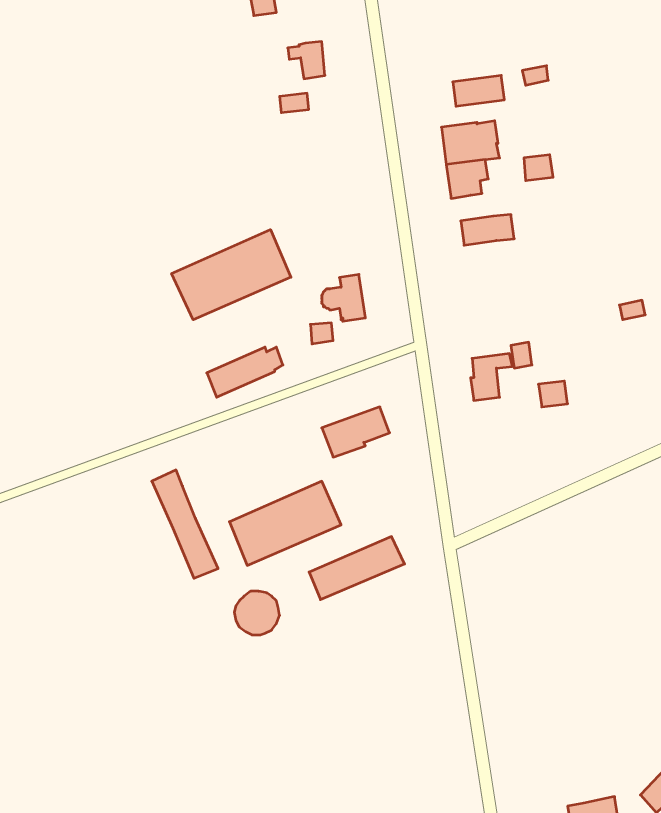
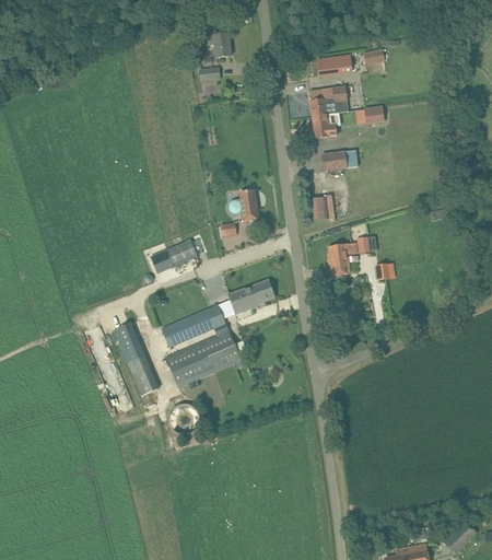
building: [172,230,291,320] -> none
building: none -> [312,195,335,220]
building: [309,537,405,600] -> [162,304,226,347]

